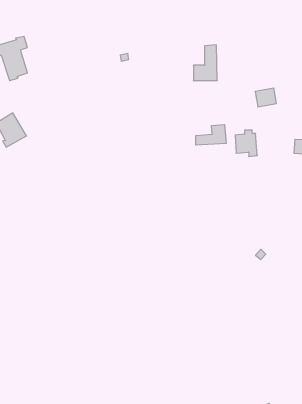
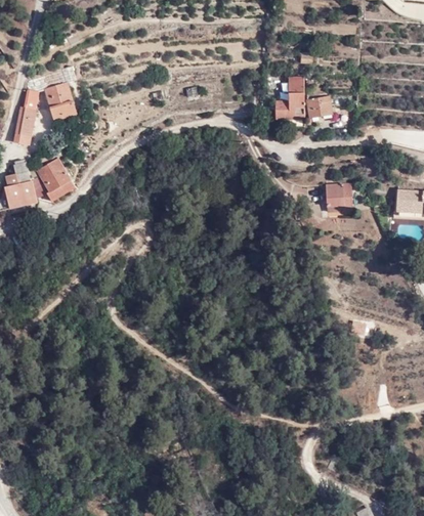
building: [255,88,276,107] -> [306,97,332,120]
building: [196,125,226,145] -> none

